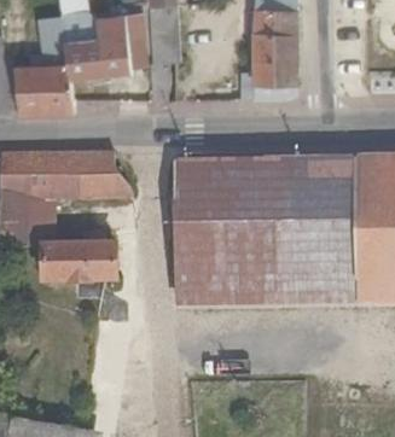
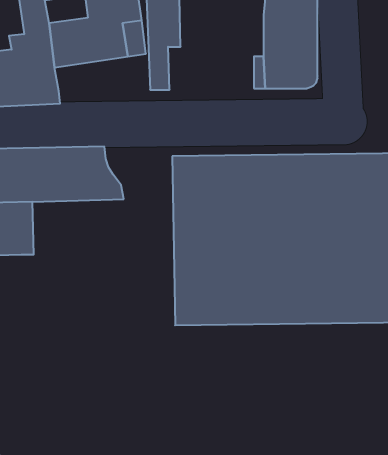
building: [41,231,117,284] -> none

